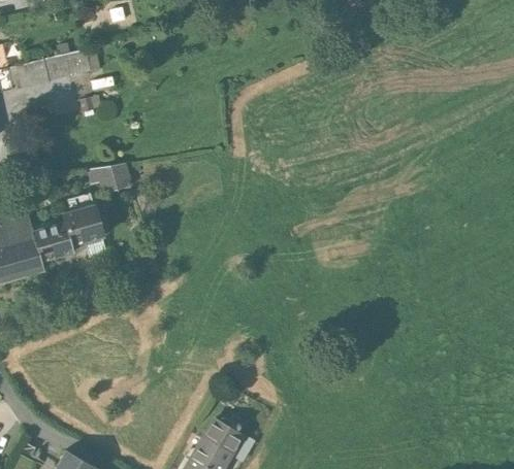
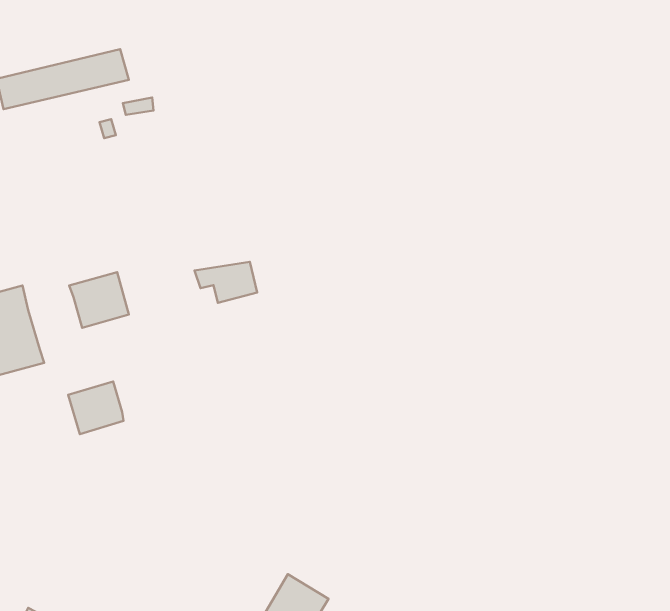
building: [87,166,131,195] -> [195,262,257,303]
building: [30,224,69,261] -> [68,382,124,434]

